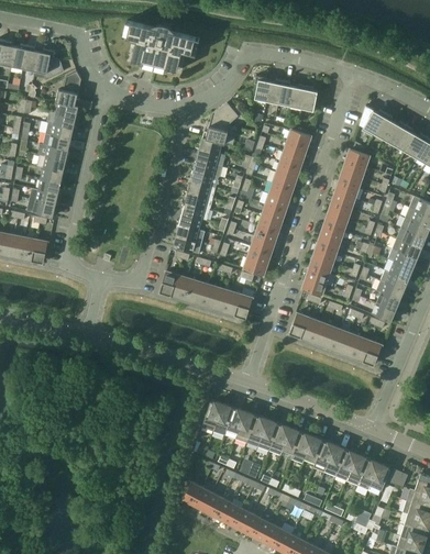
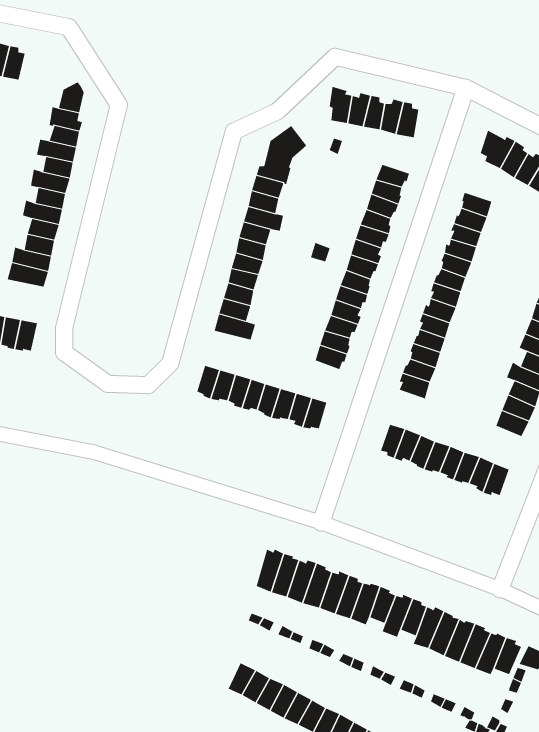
building: [123,21,200,69] -> none
building: [35,48,64,80] -> none

